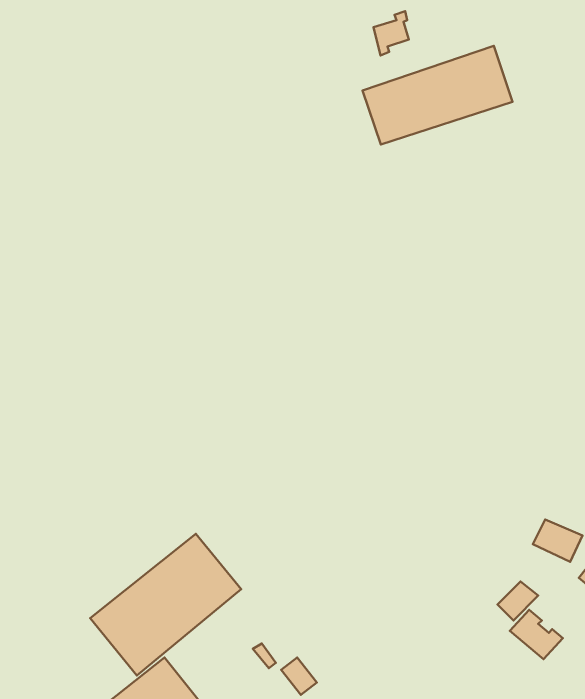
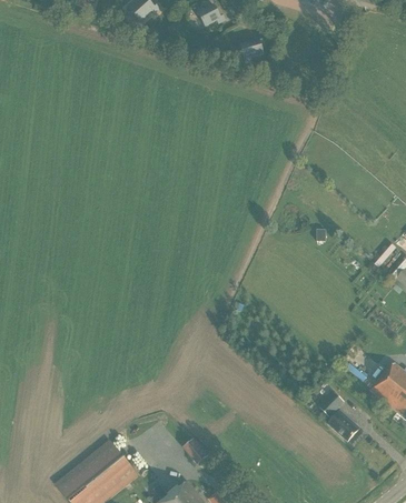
building: [363,46,513,145] -> none
building: [90,534,241,675] -> none

